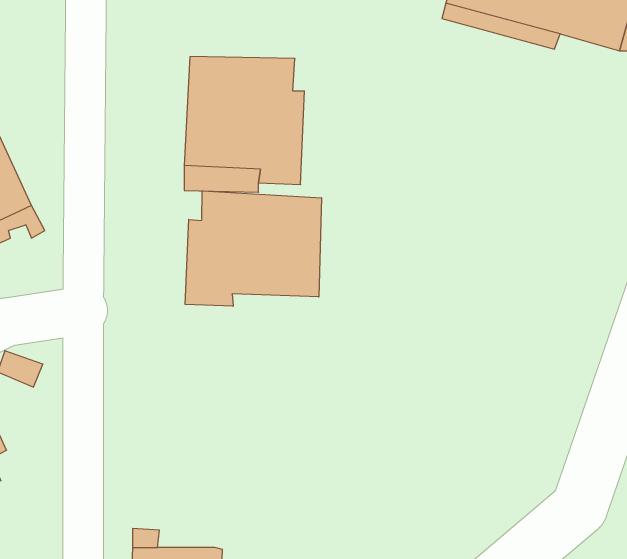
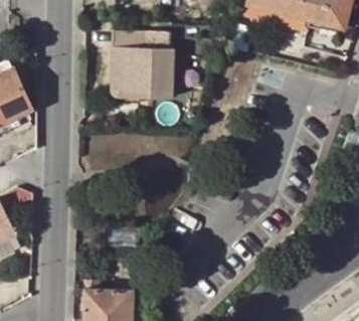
building: [185,191,321,306] -> none

